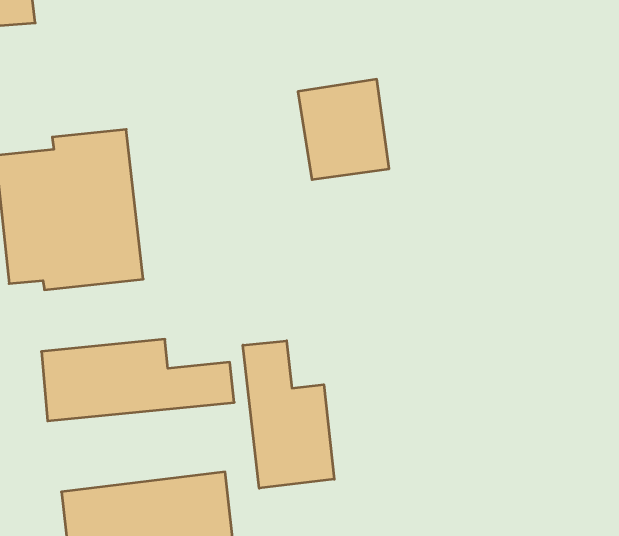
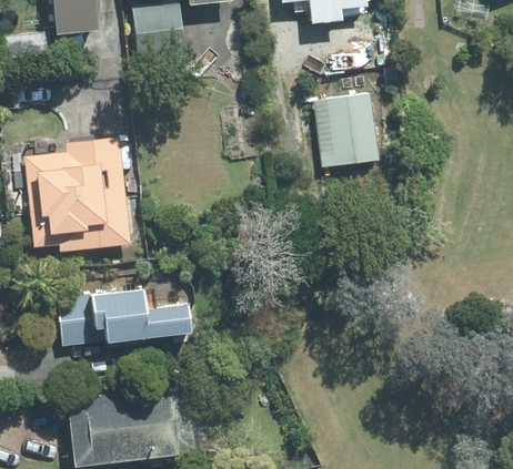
building: [298,79,389,180] -> [314,90,380,162]
building: [243,341,334,488] -> none

